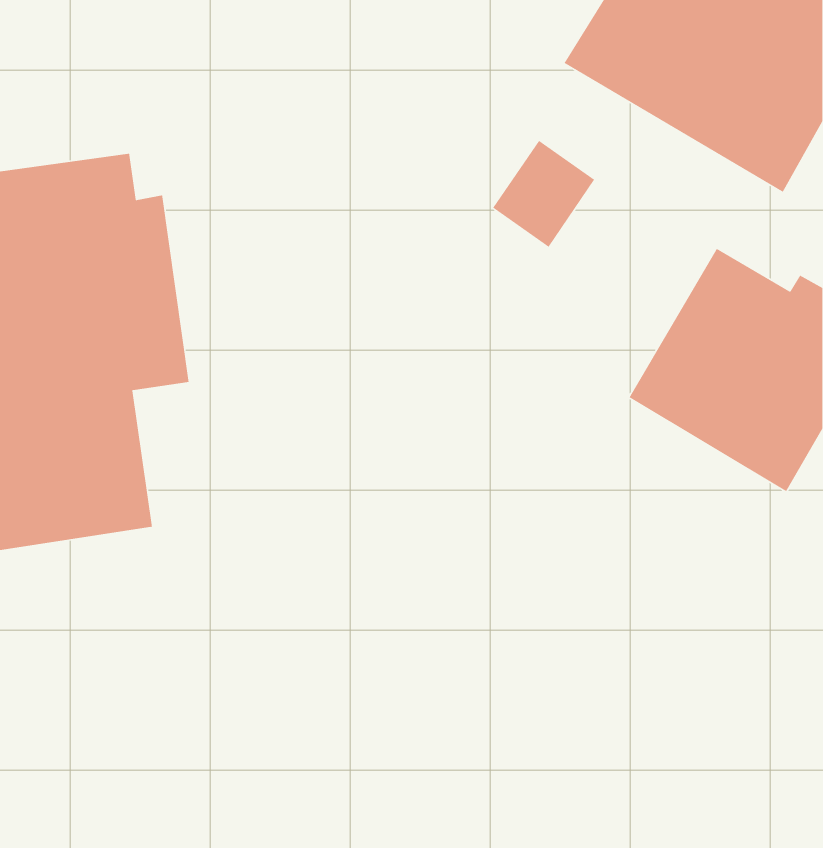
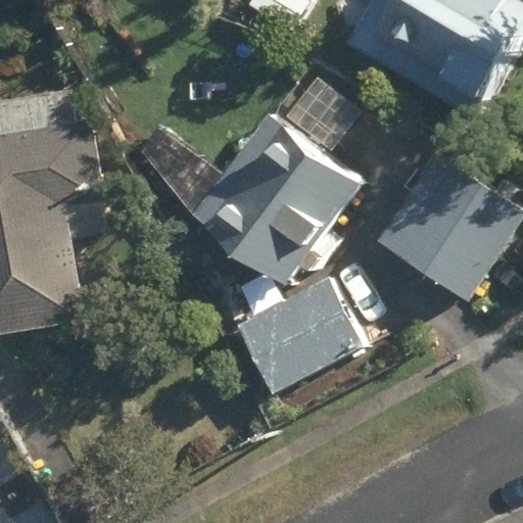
building: none -> [141,113,370,280]
building: none -> [245,278,371,396]

